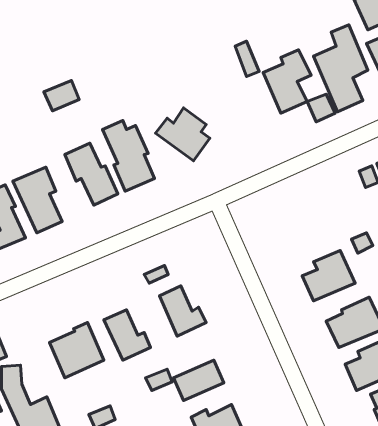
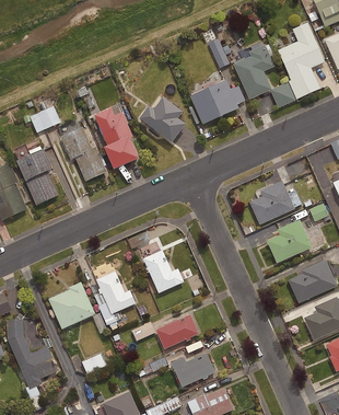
building: [44,80,79,111] -> [30,106,60,132]
building: none -> [189,80,238,125]
building: none -> [249,182,294,224]

